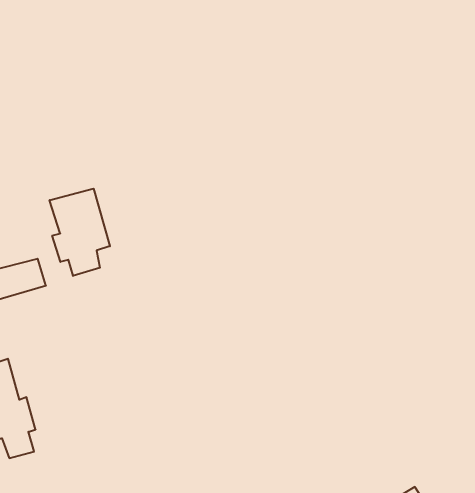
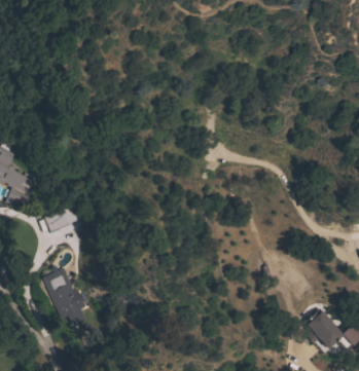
building: [50,189,110,276] -> none

